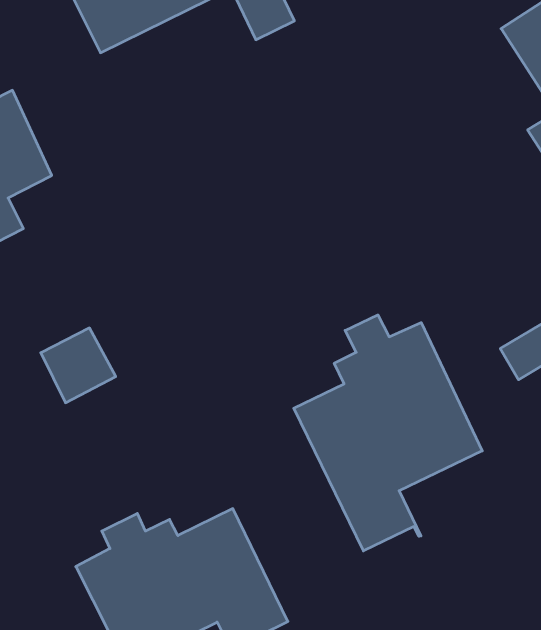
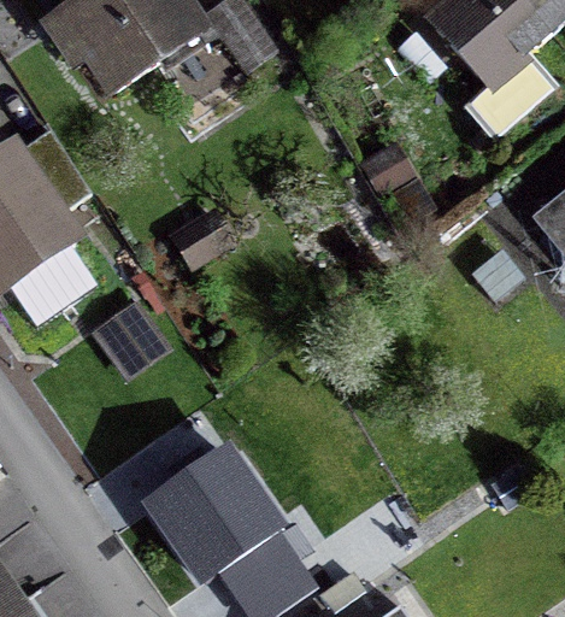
building: [294,315,482,551] -> none

